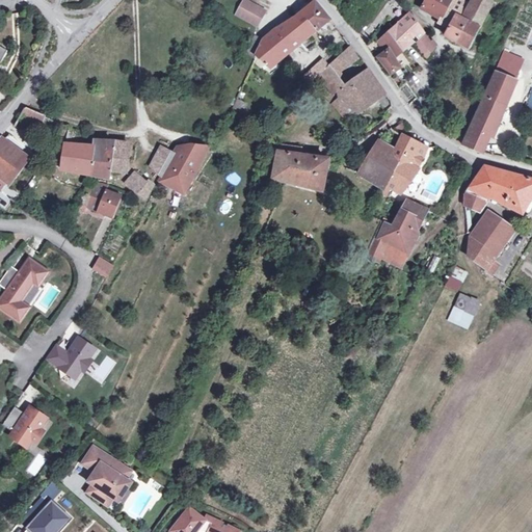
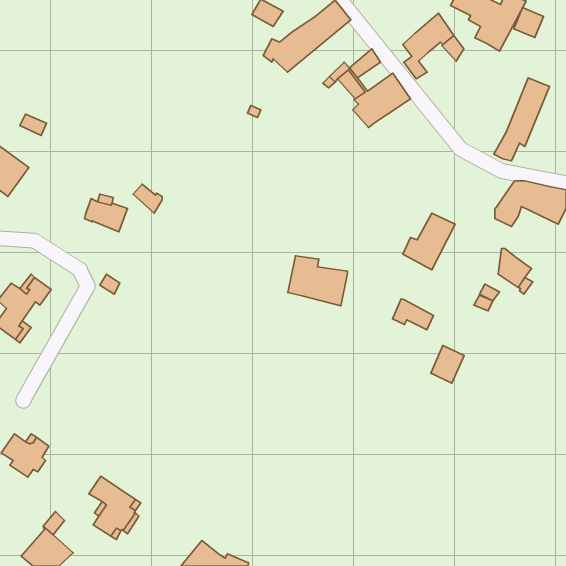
building: [495,53,523,81] -> [514,8,544,38]
building: [60,127,126,179] -> none
building: [358,135,426,195] -> none
building: [150,144,208,193] -> none
building: [271,144,327,191] -> [288,256,348,306]
building: [473,212,512,251] -> none
building: [366,237,404,266] -> [392,299,433,330]
building: [448,293,479,328] -> [431,346,464,383]
building: [47,337,95,377] -> none

